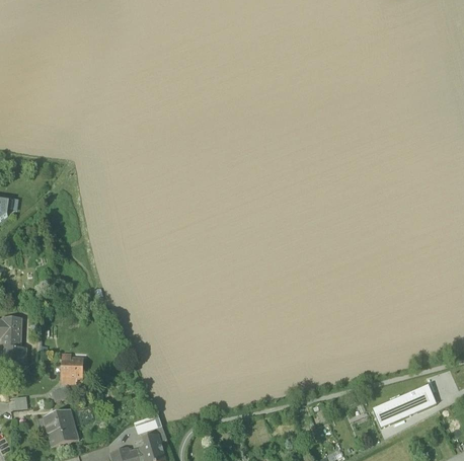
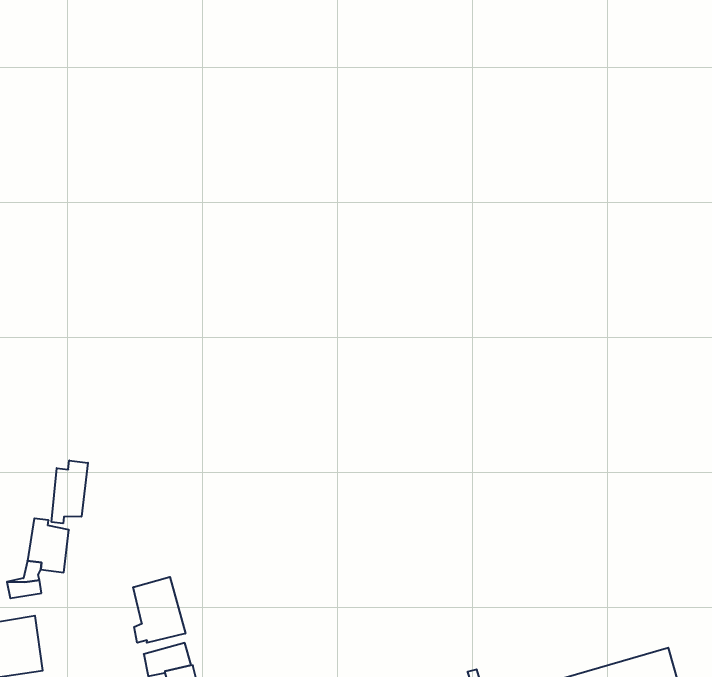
building: none -> [52,460,88,523]
building: none -> [133,577,185,643]

